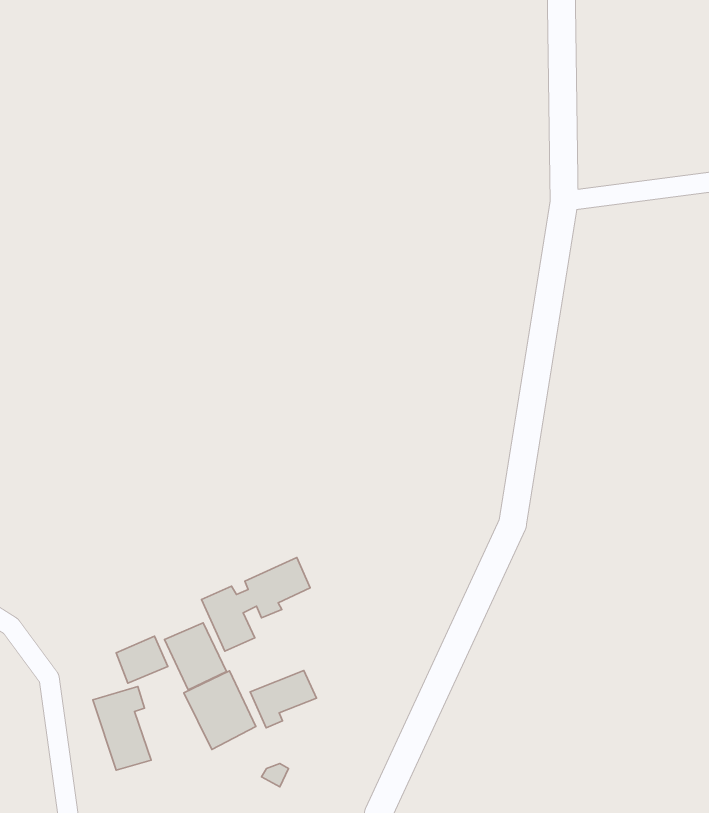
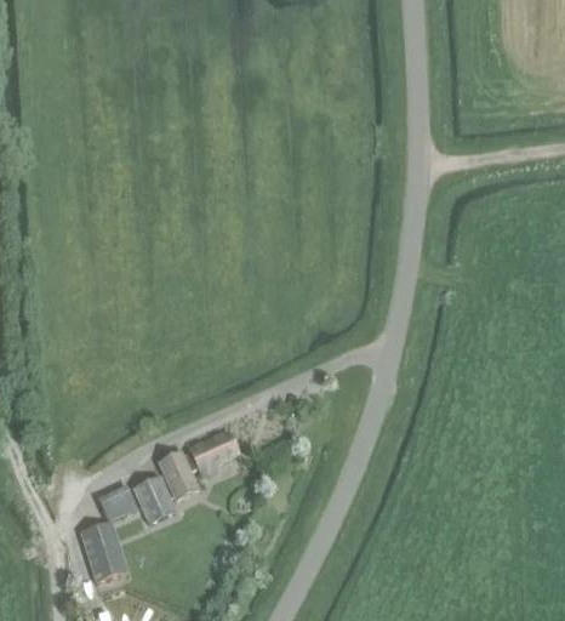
building: [250,670,316,728] -> none
building: [184,671,256,750] -> none

